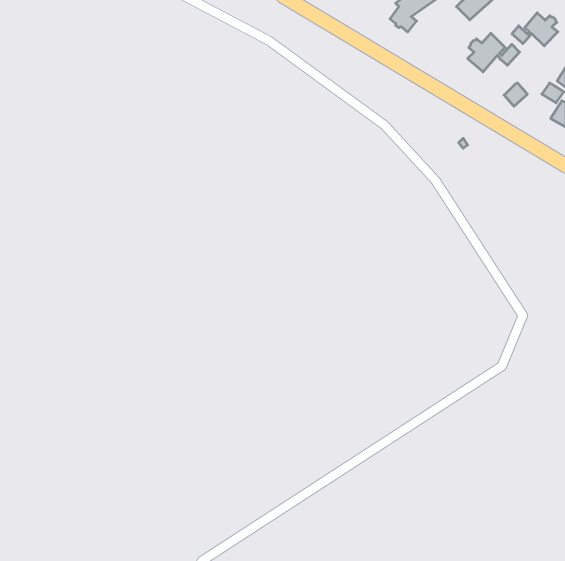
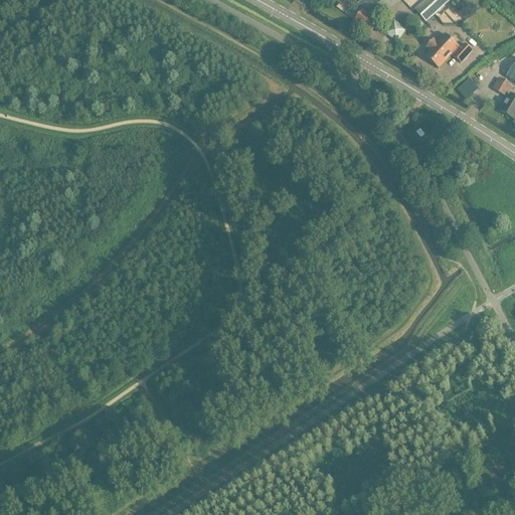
building: [512,13,558,46] -> none

